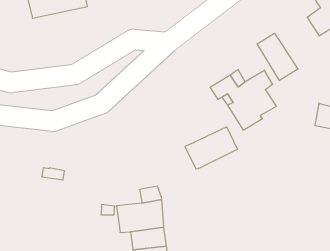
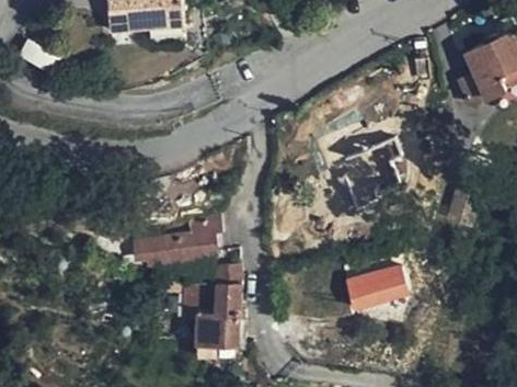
building: [257,33,298,81] -> none
building: [185,127,238,169] -> [345,260,411,307]
building: none -> [133,214,219,261]

